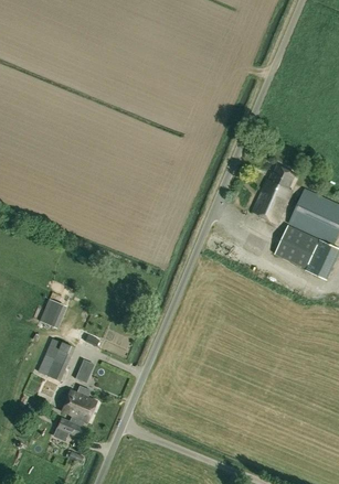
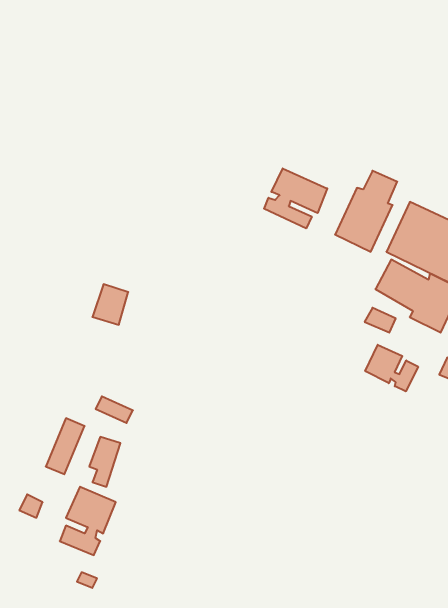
building: none -> [264,168,327,228]
building: none -> [365,345,418,391]
building: [41,295,66,324] -> [92,284,128,325]

